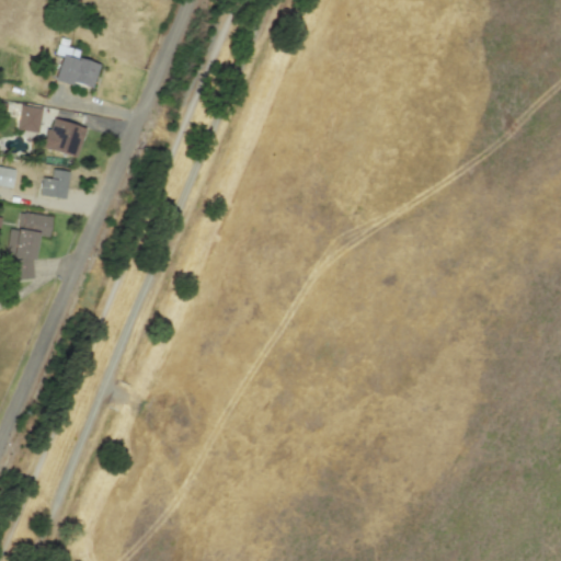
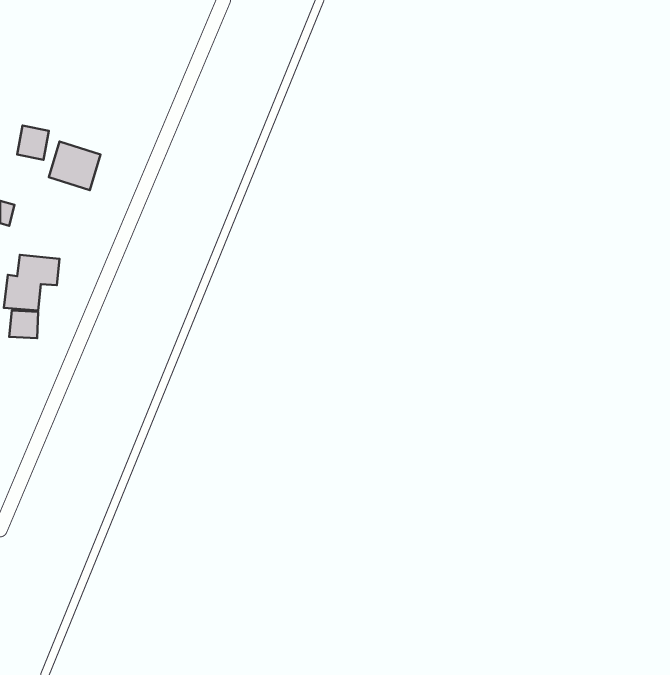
building: [56,54,101,89] -> none
building: [42,169,70,197] -> none

